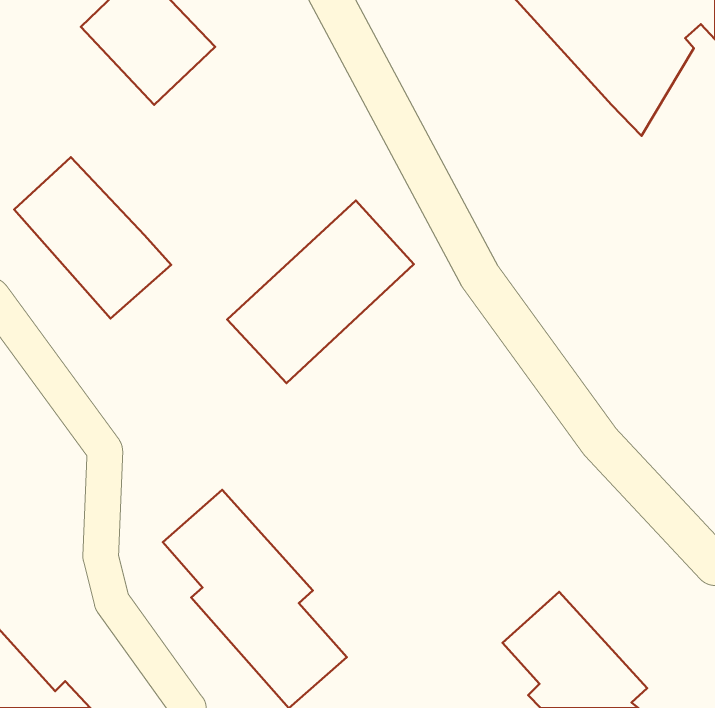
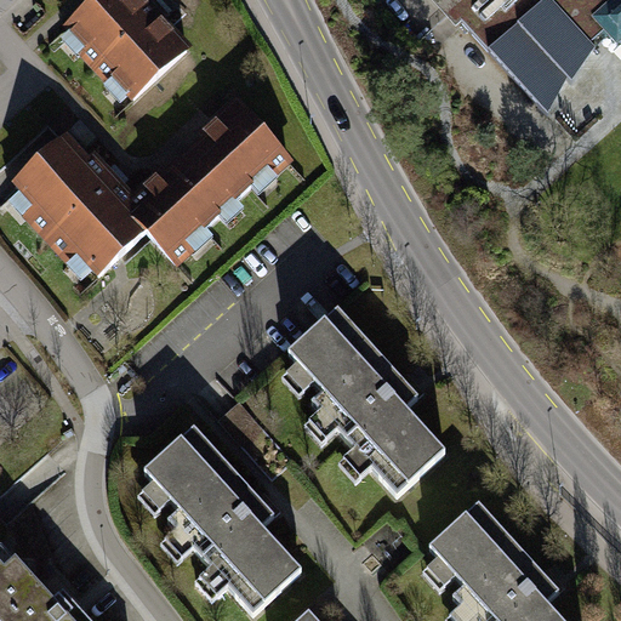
building: [227,200,414,383] -> [124,99,284,256]
building: none -> [291,309,449,494]

